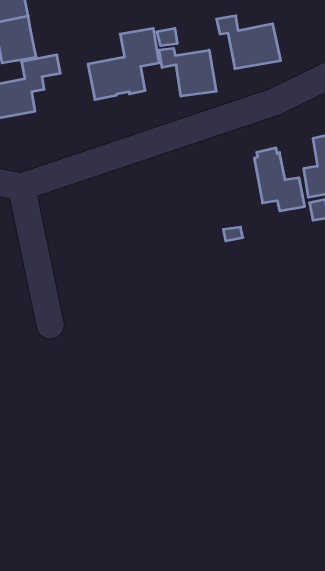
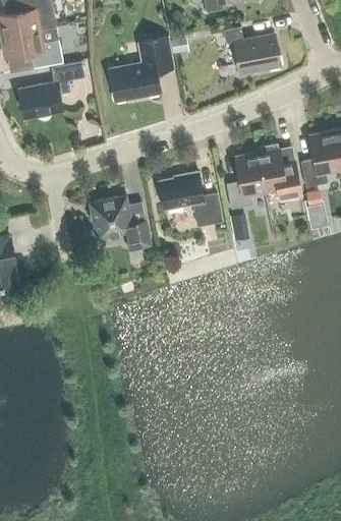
building: [159,48,216,96] -> none
building: none -> [226,153,264,209]
building: none -> [158,172,222,226]
building: none -> [89,195,150,249]

